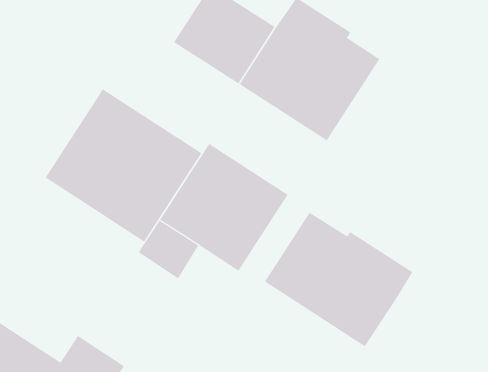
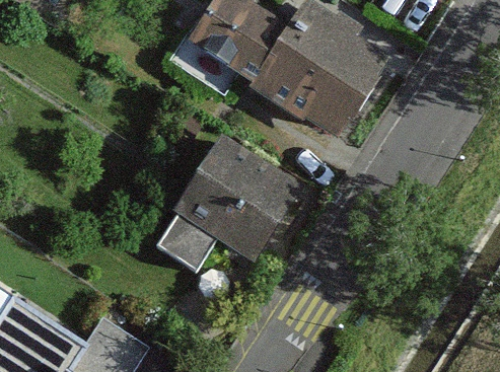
building: [45,88,202,242] -> none
building: [264,212,413,347] -> none

